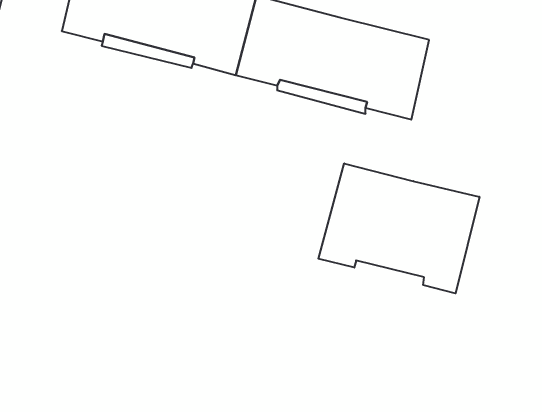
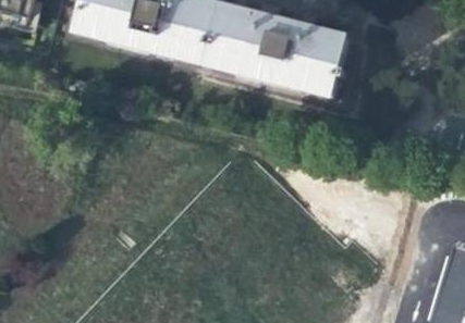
building: [318,163,479,293] -> none

